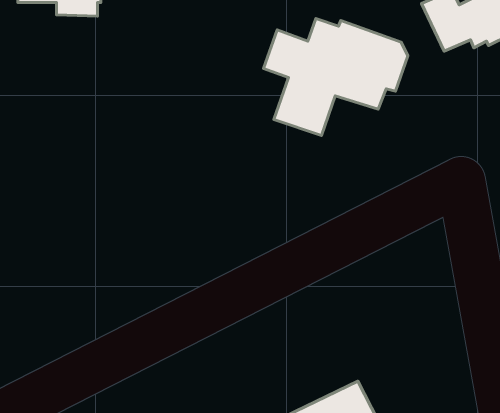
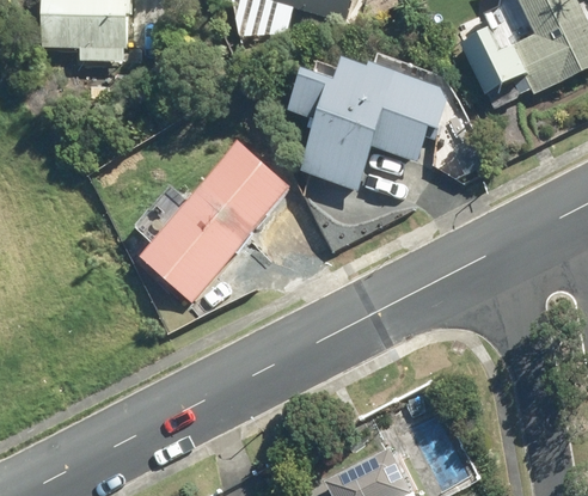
building: none -> [141,146,290,300]

